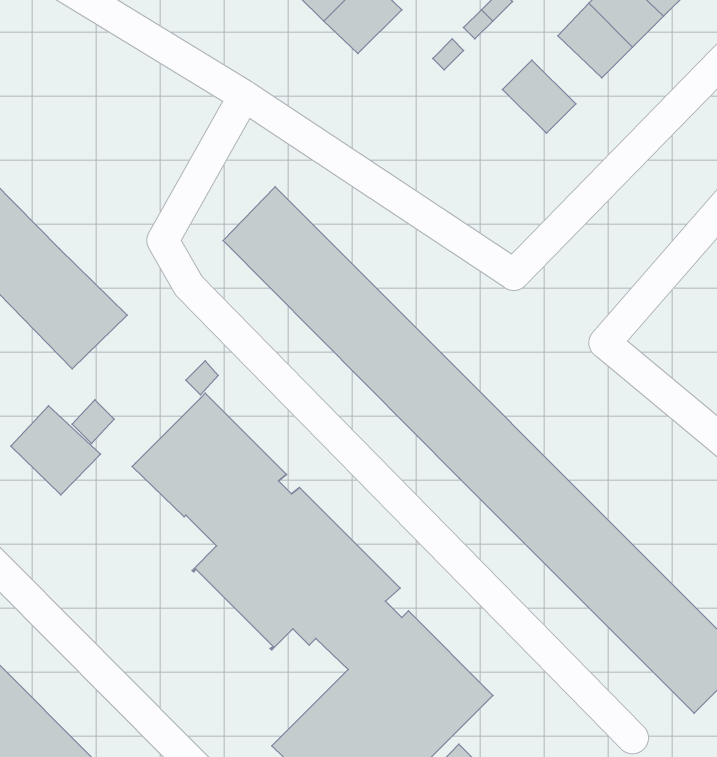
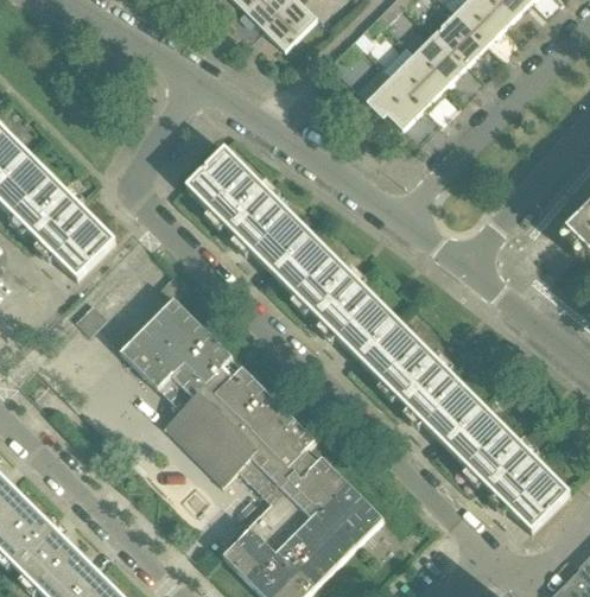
building: none -> [412,36,463,85]
building: none -> [366,75,423,128]
building: [11,406,100,495] -> none

